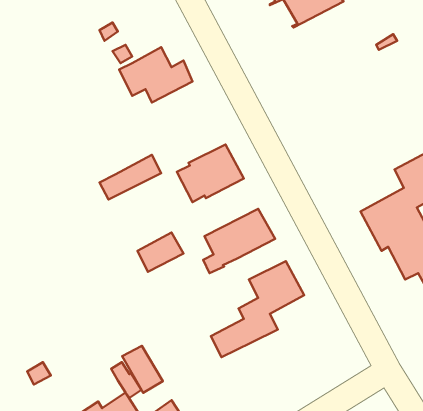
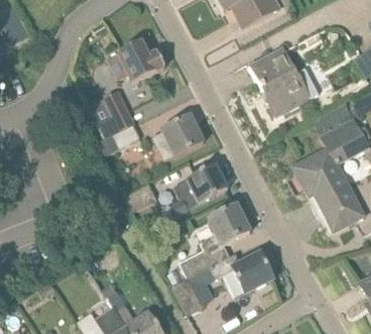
building: none -> [249,46,319,115]
building: none -> [98,90,133,137]
building: none -> [210,251,273,297]
building: [122,346,163,393] -> [171,277,203,314]

